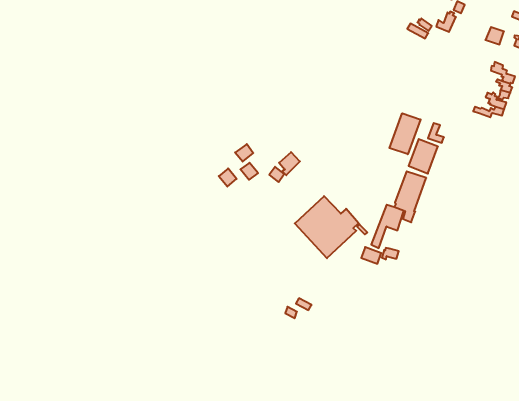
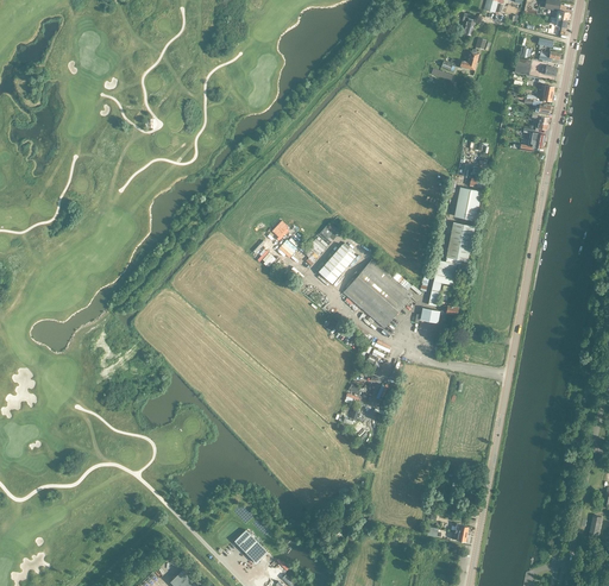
building: [389,113,421,154] -> none
building: none -> [318,244,356,284]

